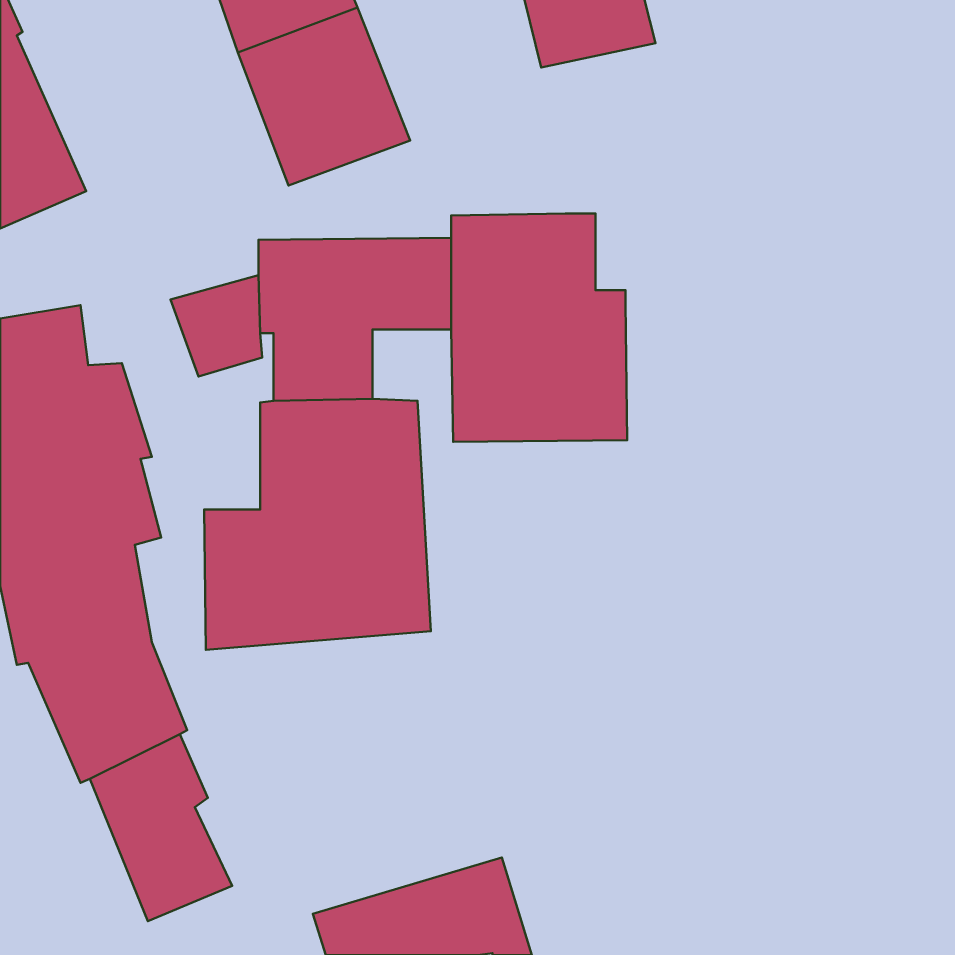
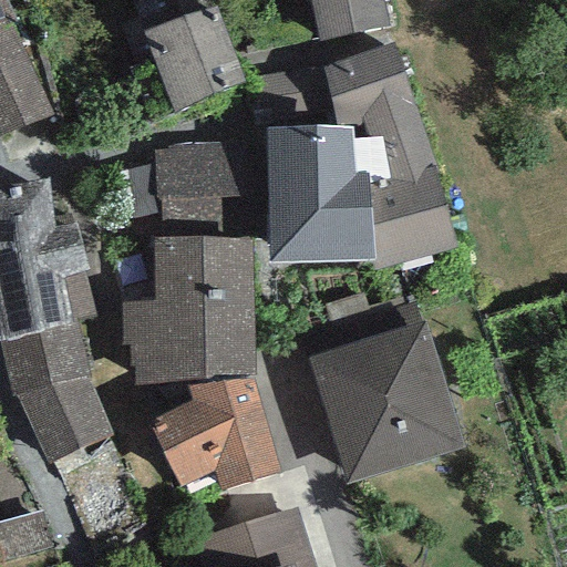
building: none -> [323,43,456,272]
building: none -> [309,321,463,482]
building: none -> [148,379,284,489]

